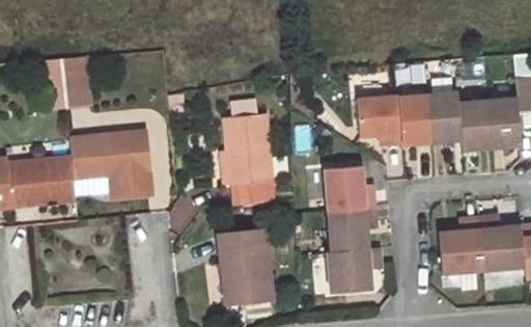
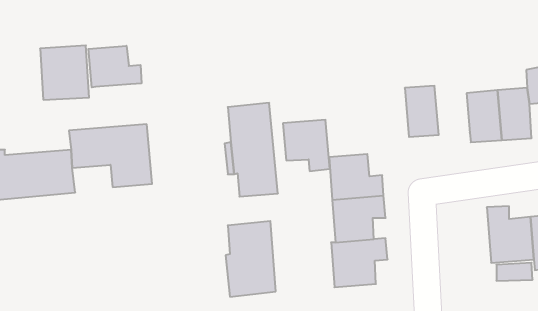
building: none -> [88,46,141,87]
building: [426,92,460,143] -> none
building: [356,98,401,147] -> [283,120,330,171]
building: [437,214,481,270] -> none

